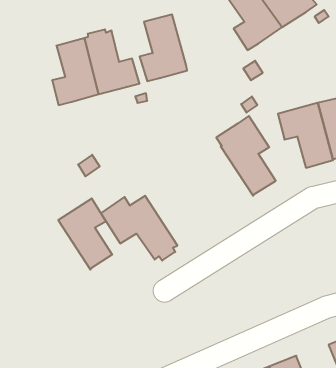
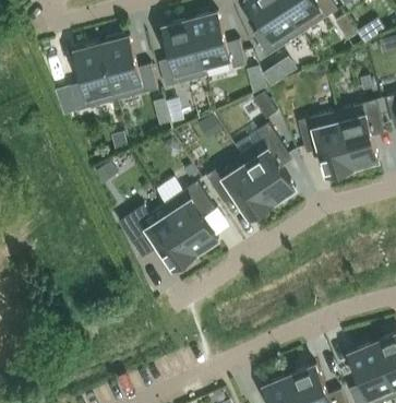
building: none -> [190,13,245,72]
building: none -> [205,154,272,218]
building: [58,198,112,270] -> [163,182,217,254]

